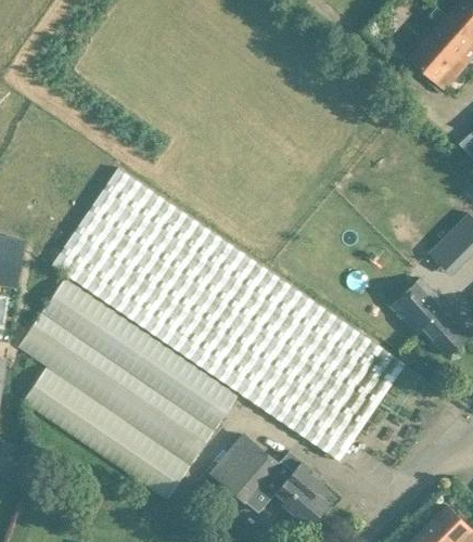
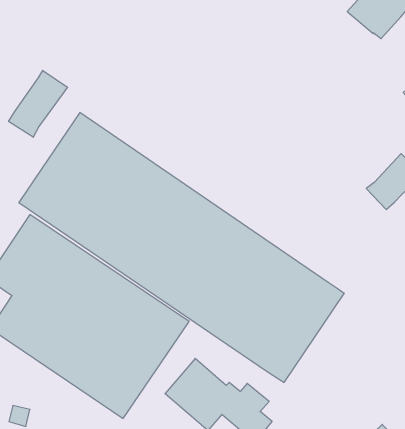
building: none -> [9,70,68,137]
building: [392,280,466,357] -> none

